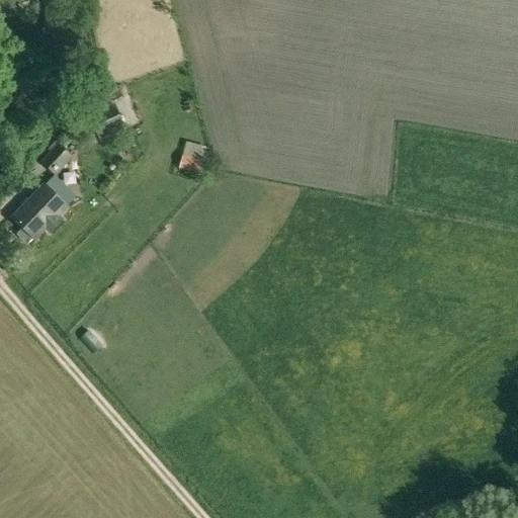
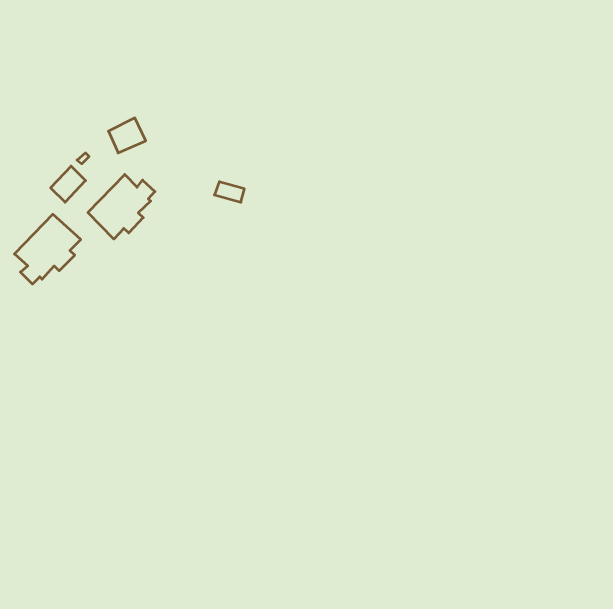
building: none -> [88,174,155,239]

